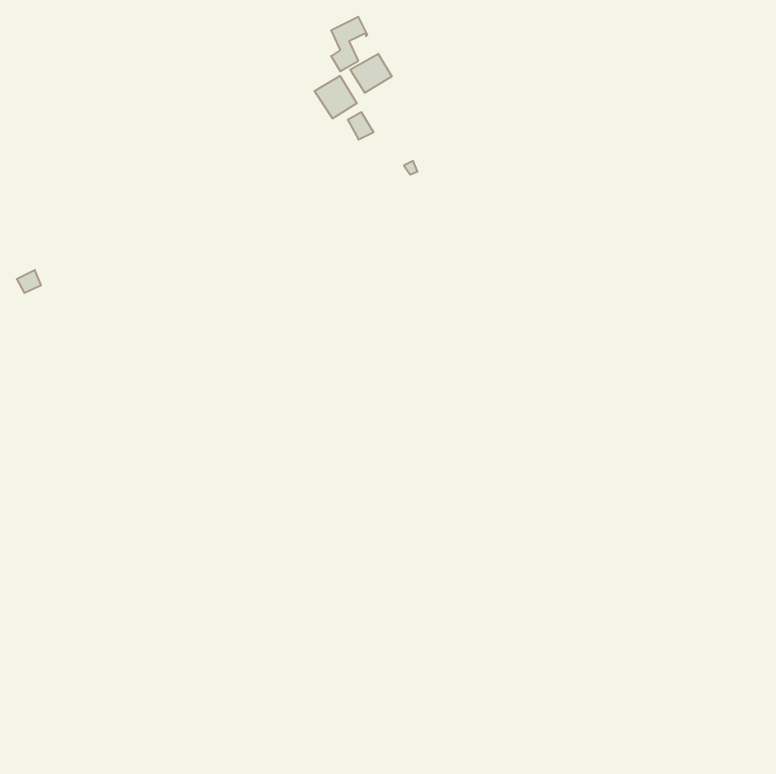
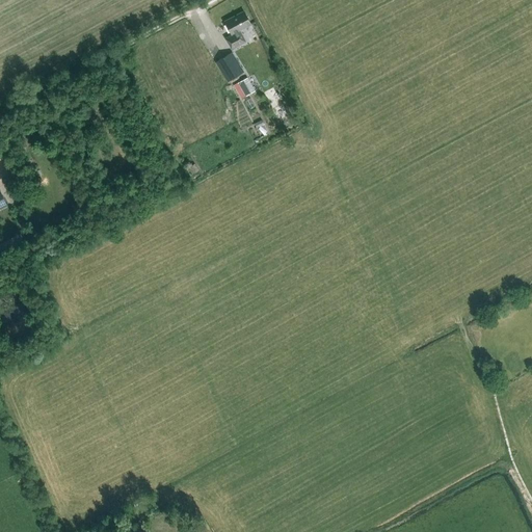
building: [350,54,392,93] -> none

